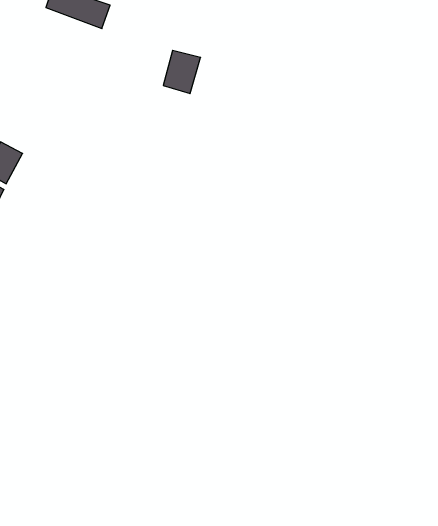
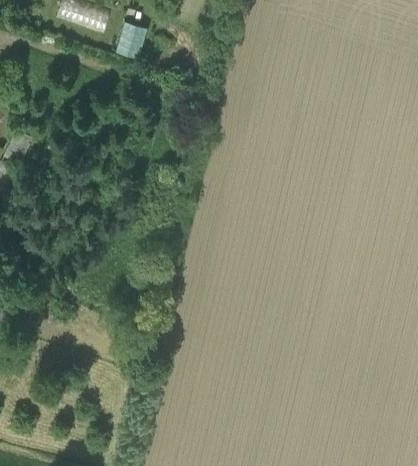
building: [163,50,201,94] -> [114,20,146,57]

